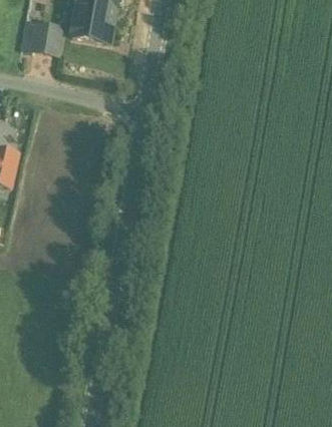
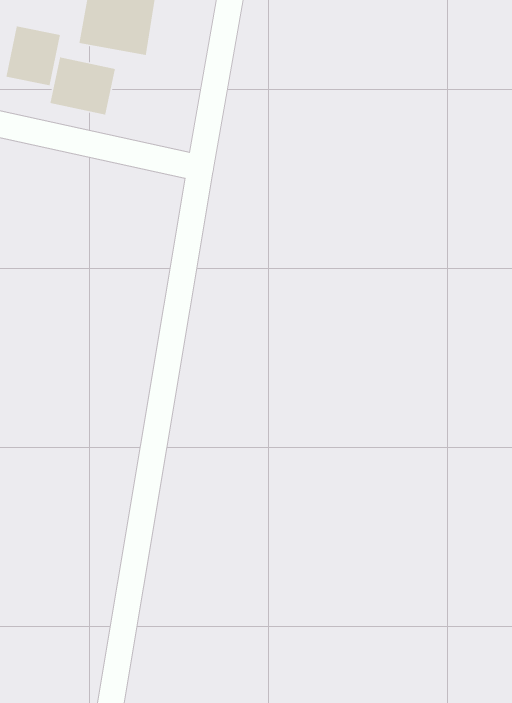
building: none -> [50,56,116,116]

